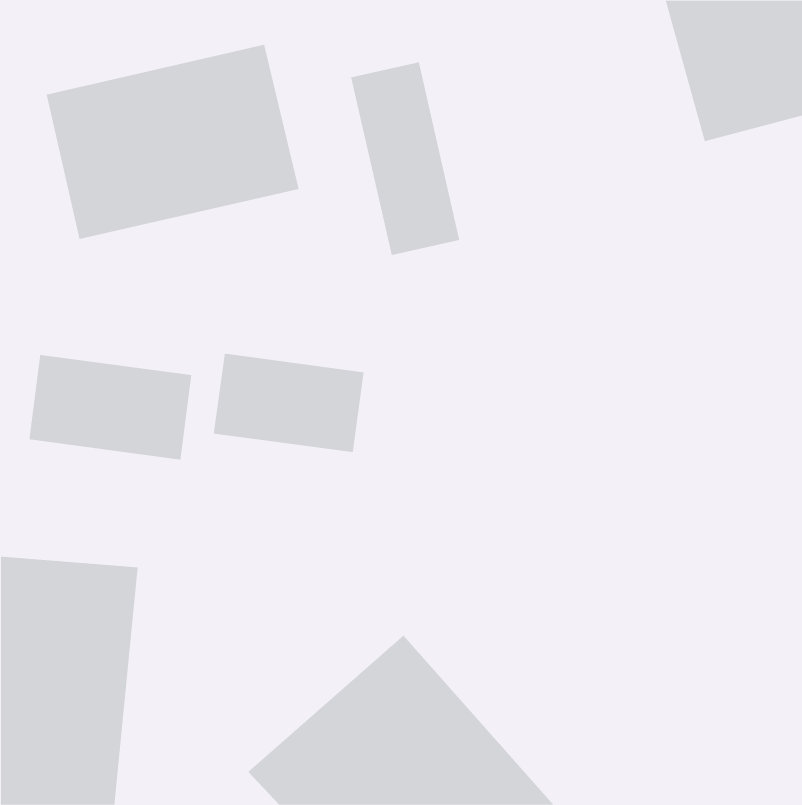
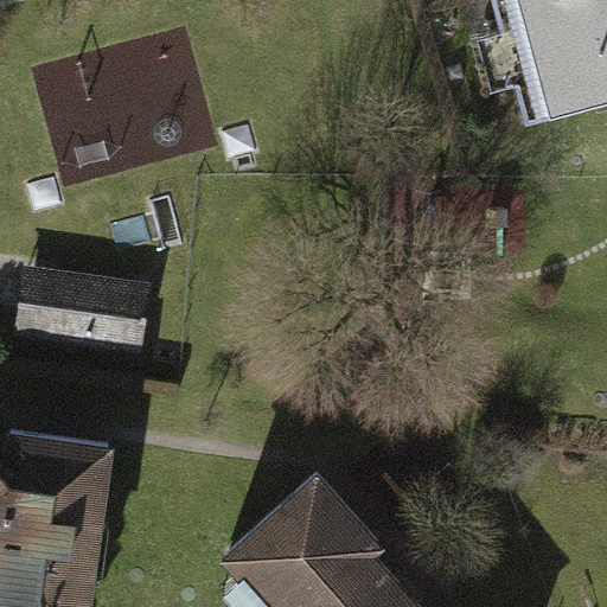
building: [350,62,460,256] -> none
building: [213,353,364,453] -> none

